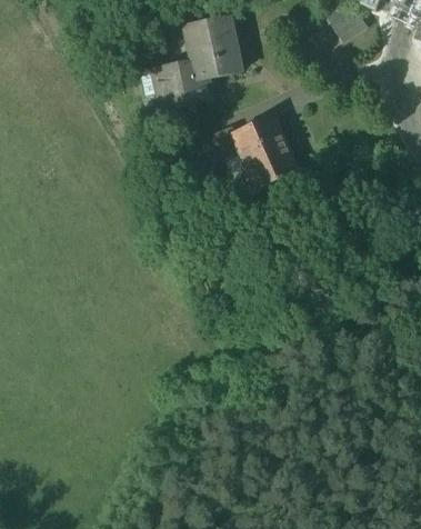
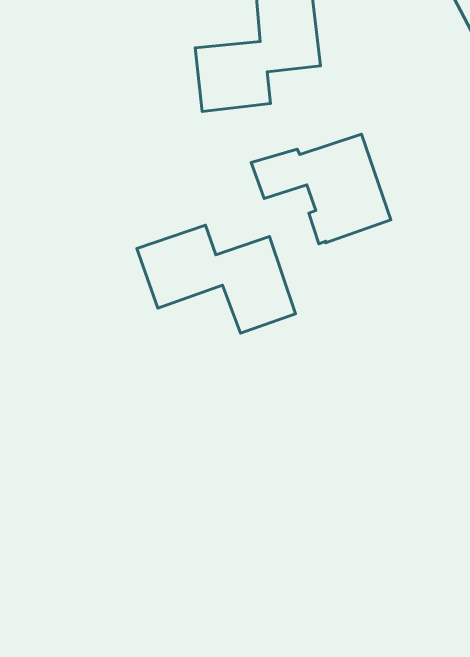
building: none -> [137,225,296,333]

